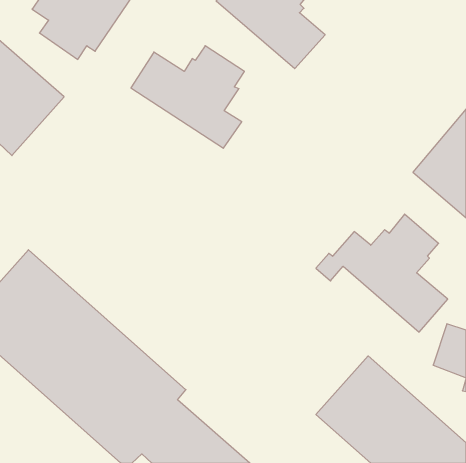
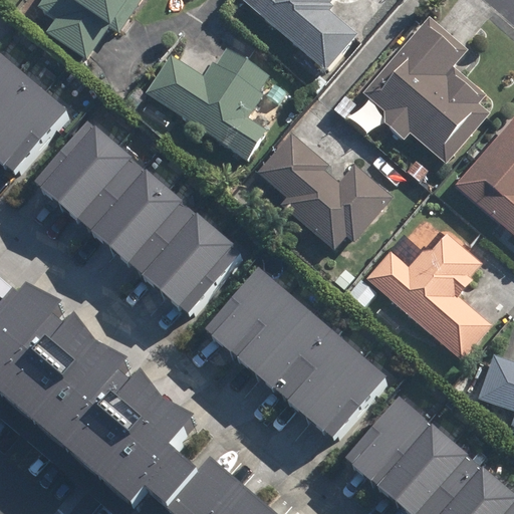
building: none -> [361,19,488,168]
building: none -> [35,117,241,312]
building: none -> [256,136,393,254]
building: none -> [206,262,388,437]

